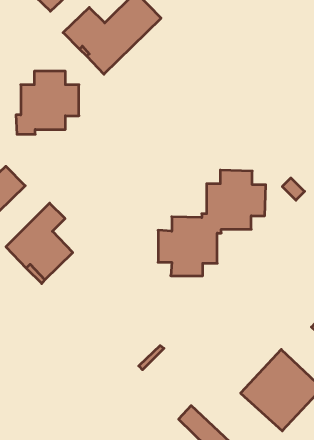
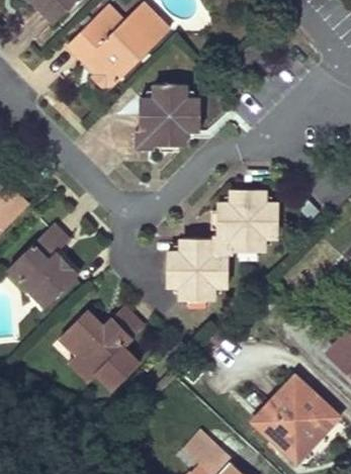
building: [16,71,79,134] -> [134,84,199,150]
building: none -> [59,306,143,390]

